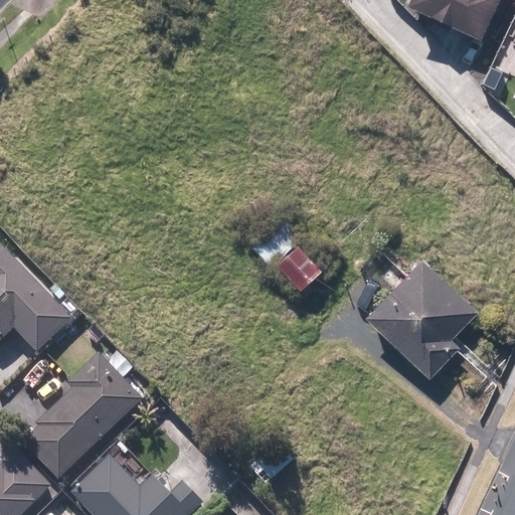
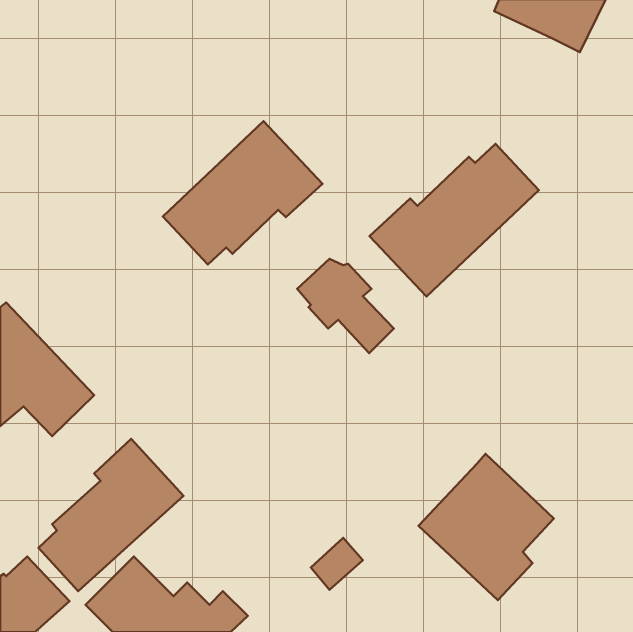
building: none -> [163,121,322,264]
building: none -> [369,144,539,297]
building: [361,262,471,380] -> [419,454,554,600]

